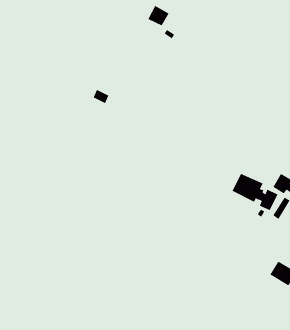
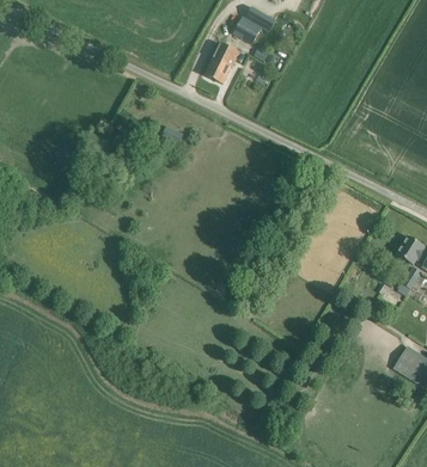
building: none -> [206,42,239,84]
building: [232,173,278,211] -> none

